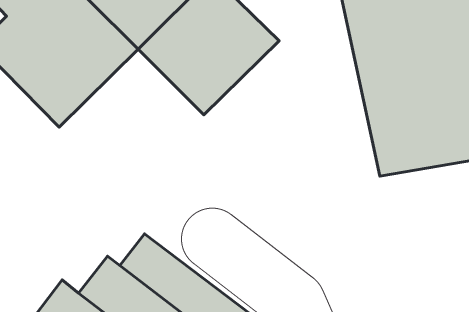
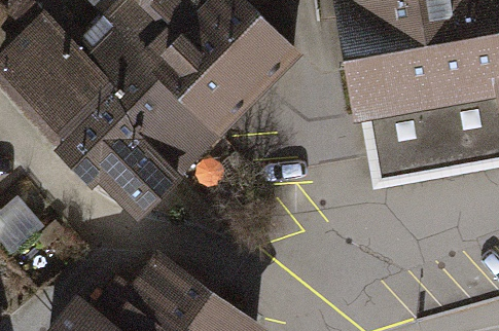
building: none -> [72,65,217,209]

